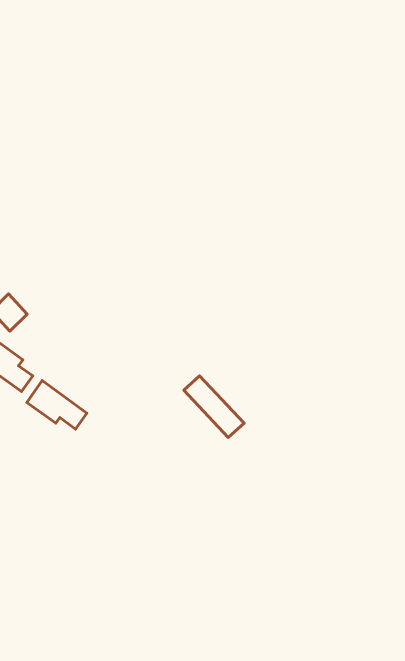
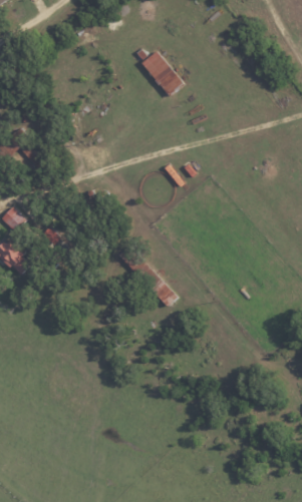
building: none -> [139,49,183,94]
building: [27,381,87,429] -> none

